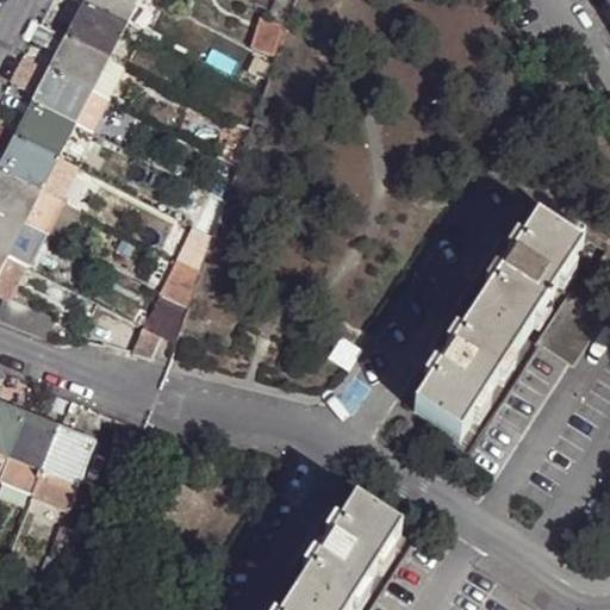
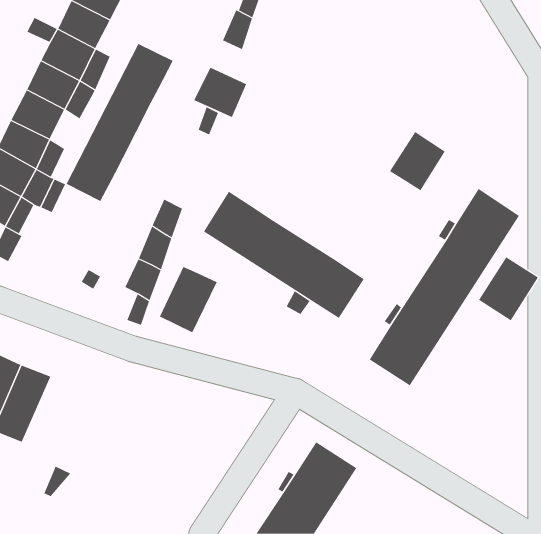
building: none -> [66,43,173,202]
building: none -> [193,67,247,118]
building: none -> [389,131,446,191]
building: none -> [203,191,365,319]
building: none -> [159,266,217,333]
building: [25,422,95,512] -> none

